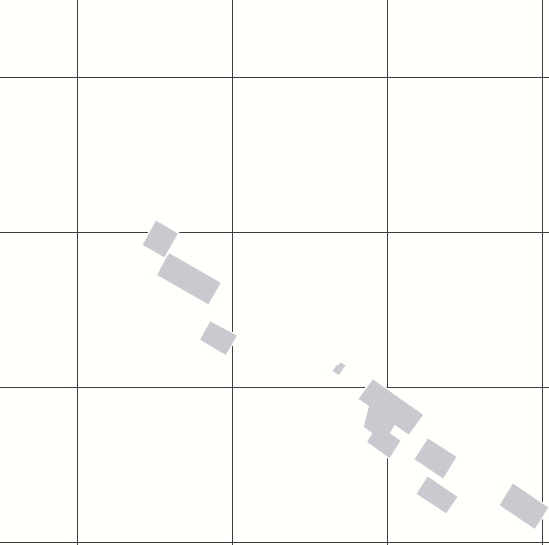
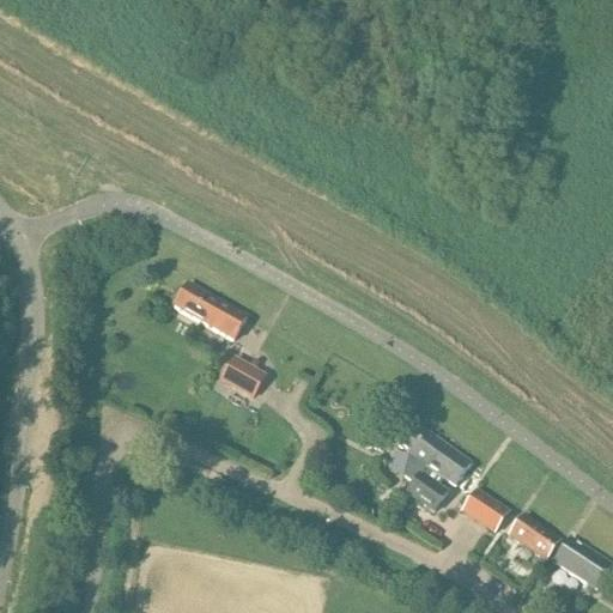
building: [142,219,179,258] -> none
building: [415,475,458,514] -> [510,515,558,558]

